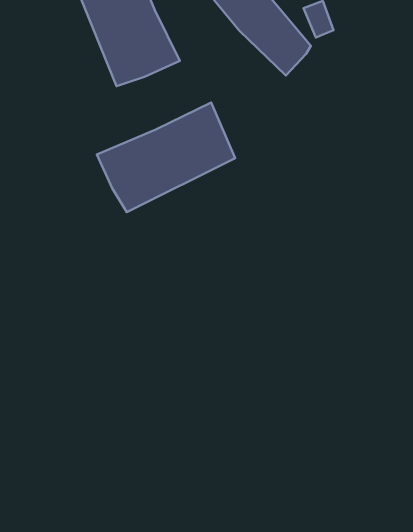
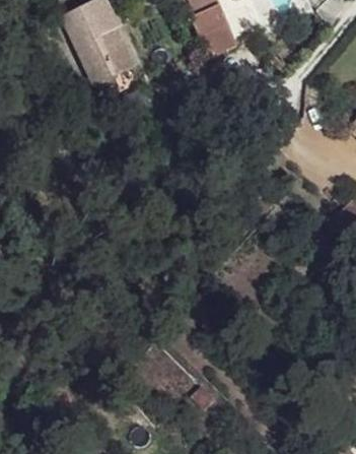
building: [97,102,235,212] -> none

